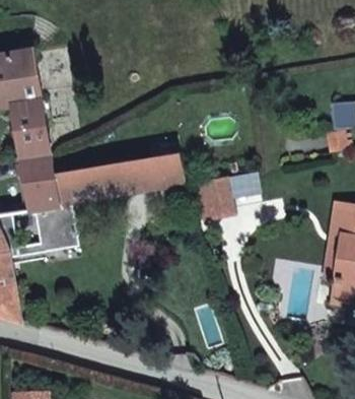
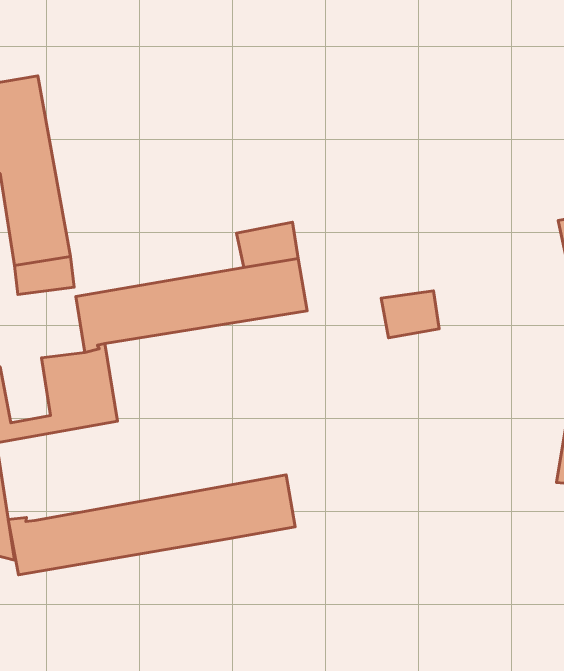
building: [22,170,60,210] -> none
building: [194,176,233,219] -> none
building: none -> [8,475,295,575]

